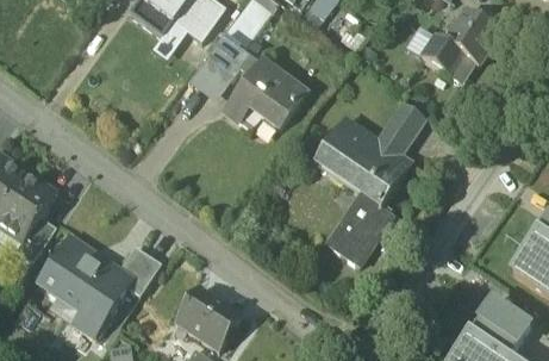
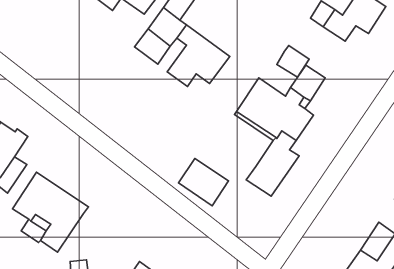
building: none -> [277,45,309,77]
building: [118,242,162,294] -> none
building: [176,287,238,346] -> [179,159,229,206]

